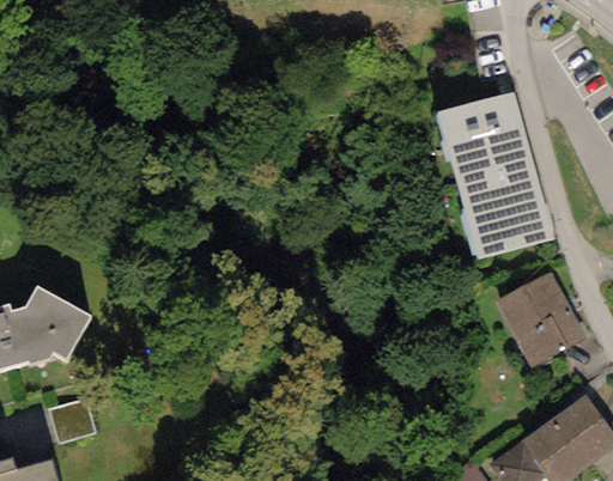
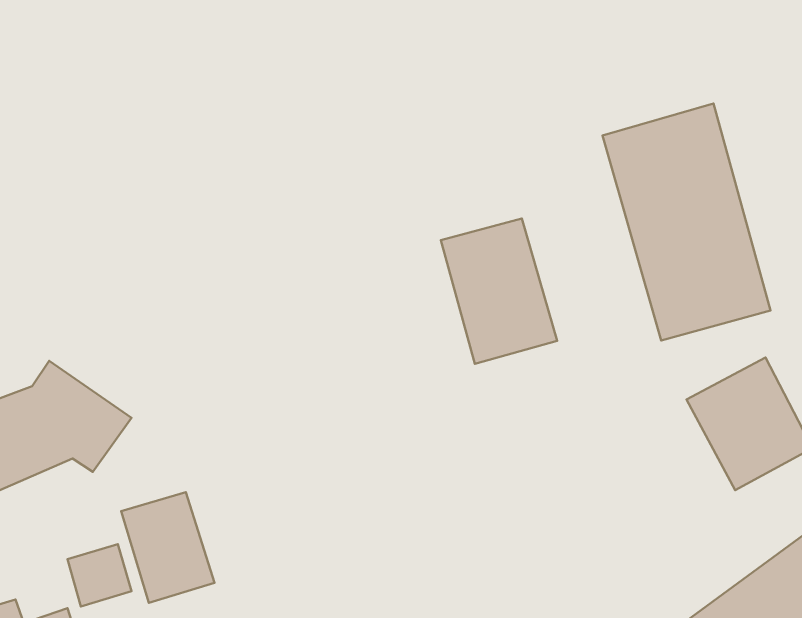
building: none -> [441,218,557,364]
building: none -> [121,492,214,603]

